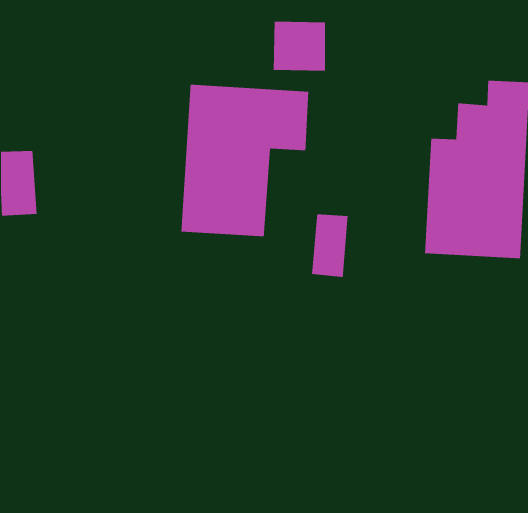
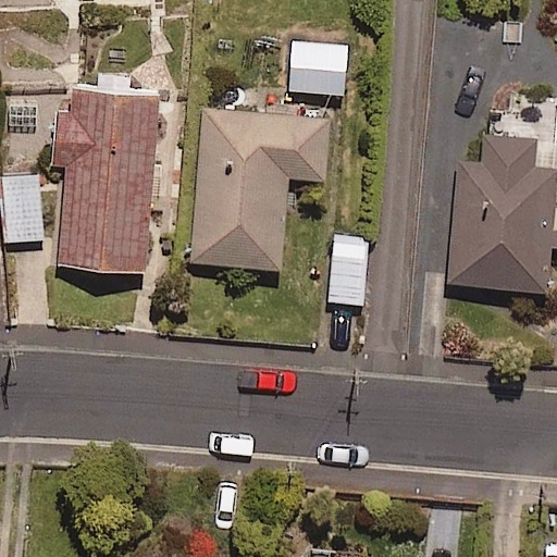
building: none -> [58,88,161,282]

